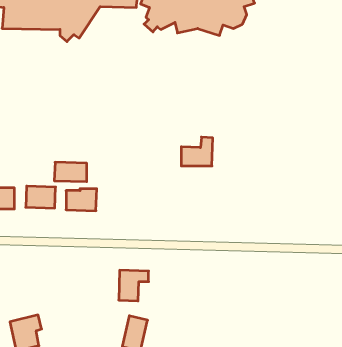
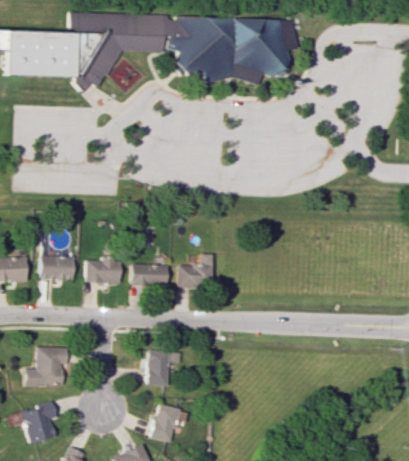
building: [181,137,213,166] -> [177,253,213,286]
building: [54,162,87,182] -> [130,264,167,286]
building: none -> [26,347,70,386]

